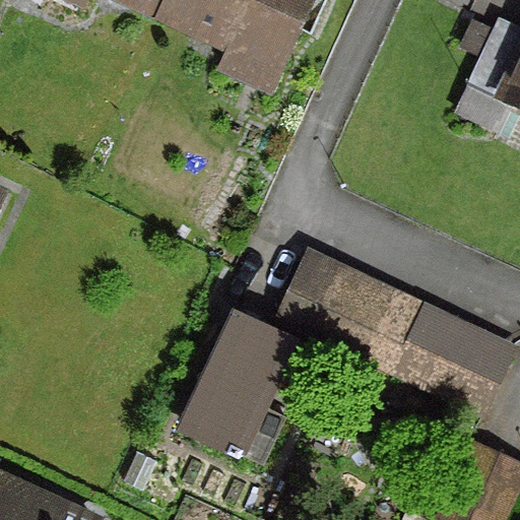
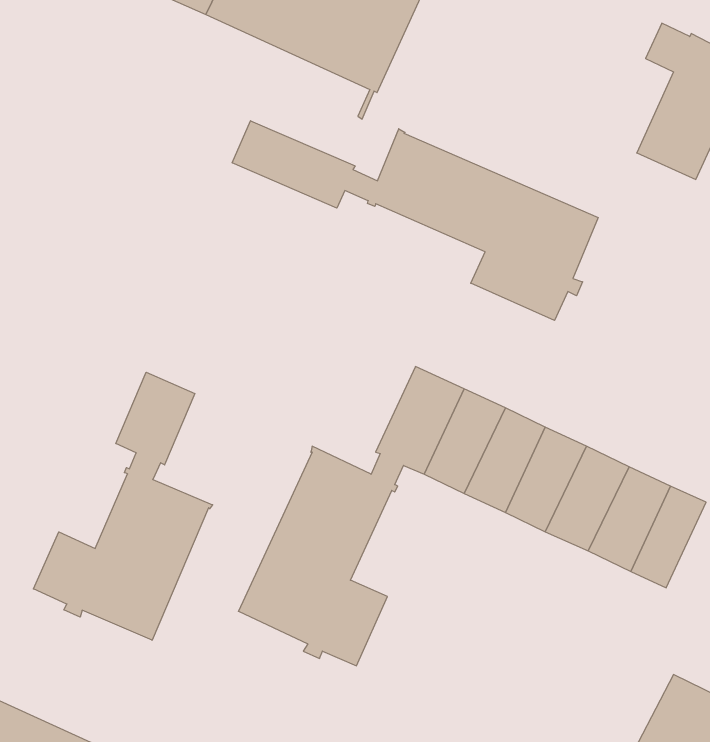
building: none -> [232,121,598,320]
building: none -> [33,372,213,640]

